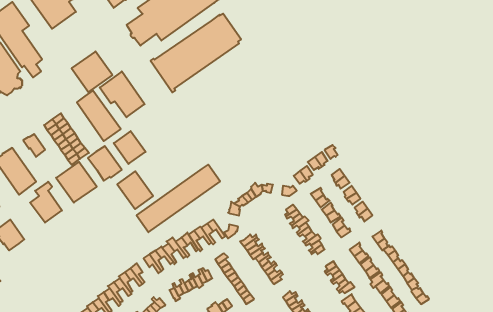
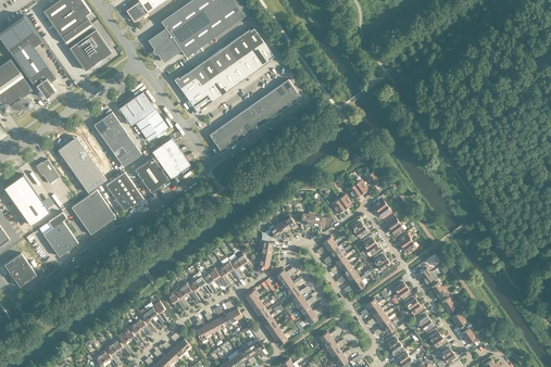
building: [72,51,112,92] -> [66,26,111,71]
building: [137,165,220,232] -> [209,79,300,153]
building: [117,171,153,209] -> [151,138,190,179]

